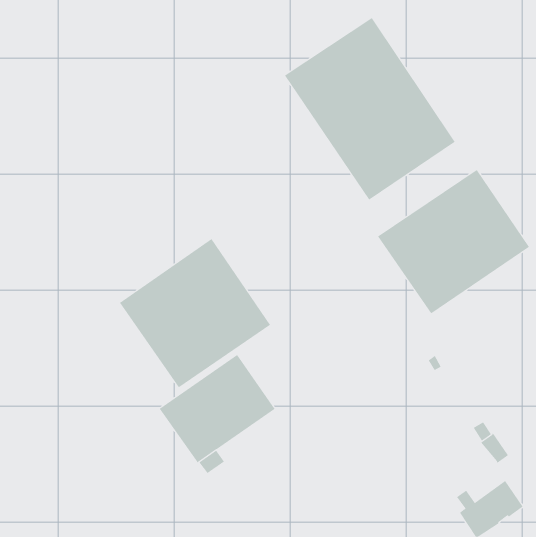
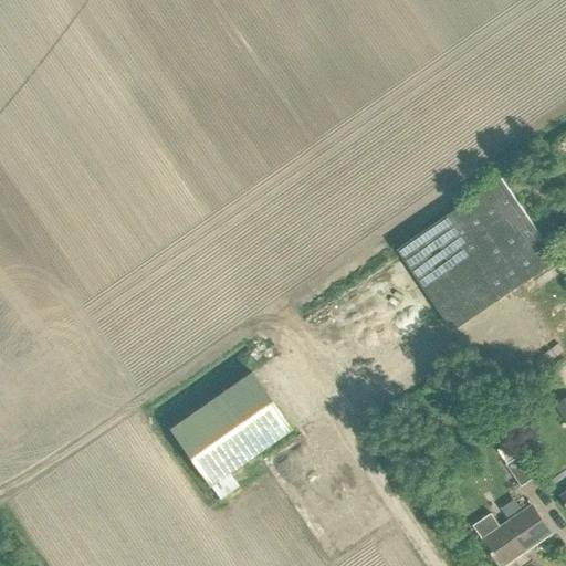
building: [284,17,456,201] -> none
building: [119,238,271,388] -> none

